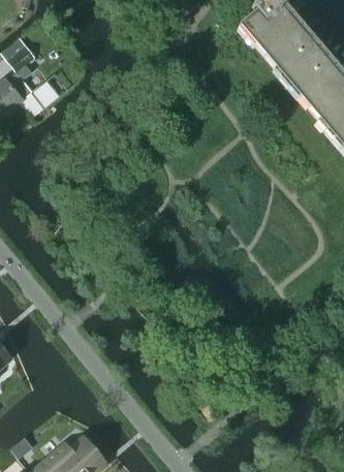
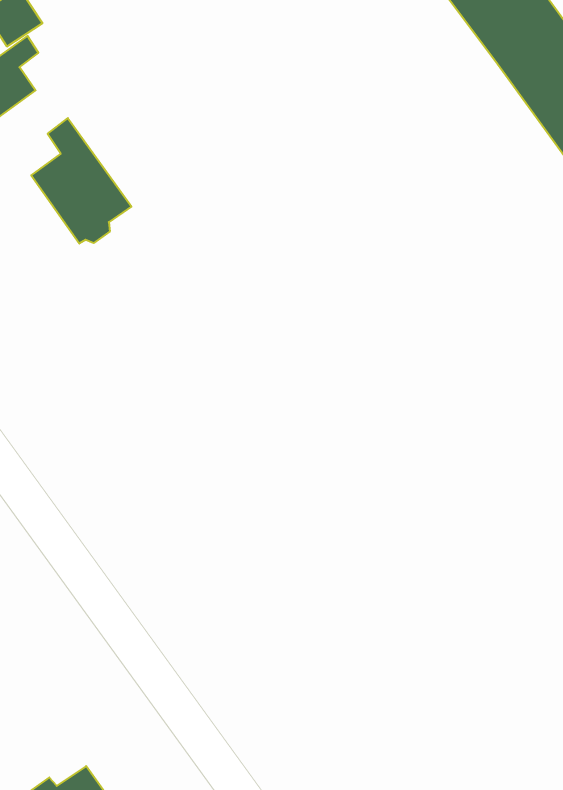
building: none -> [31,118,131,244]

